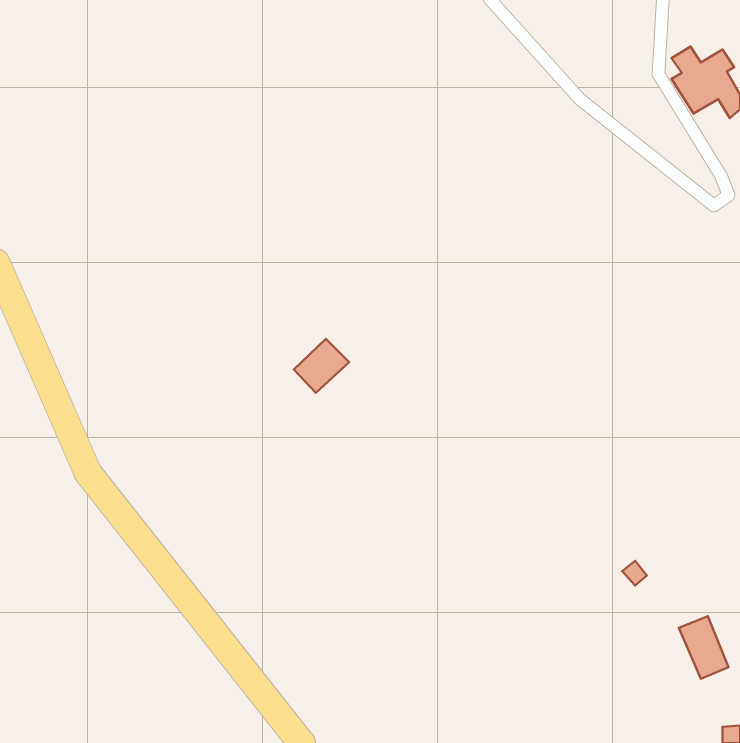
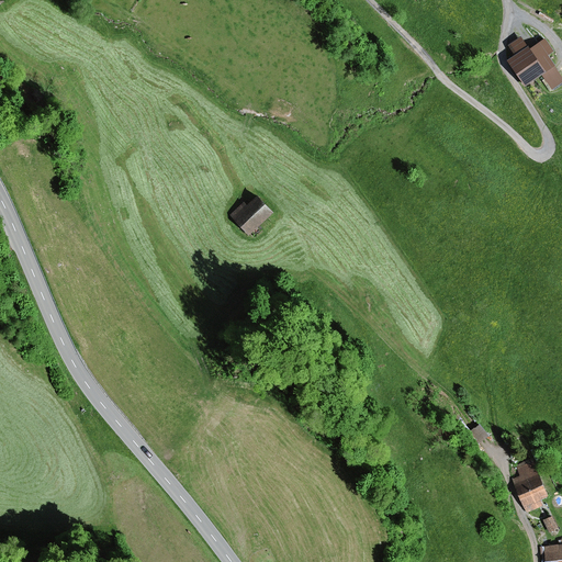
building: [294,339,349,393] -> [232,194,273,235]

